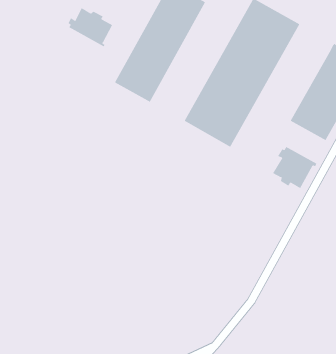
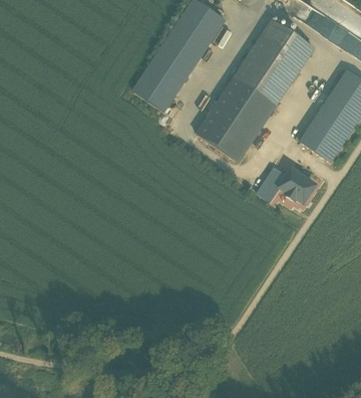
building: [68,7,113,47] -> none
building: none -> [257,167,287,200]

